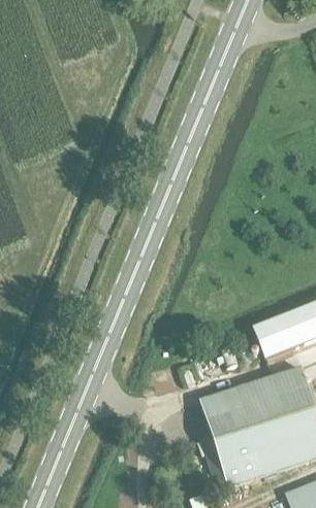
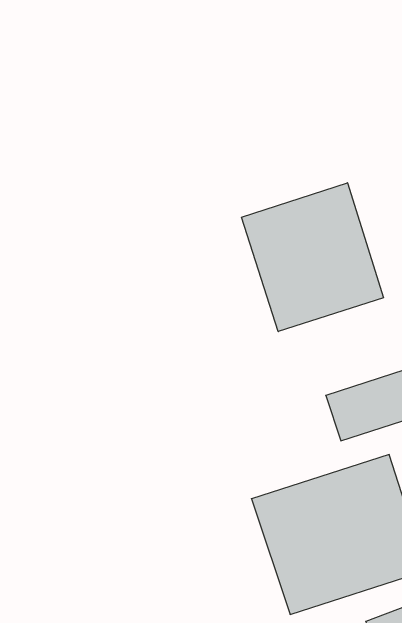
building: none -> [241,183,383,332]

